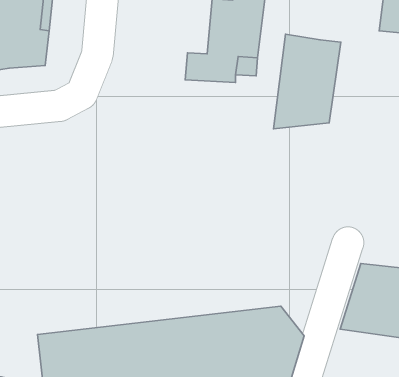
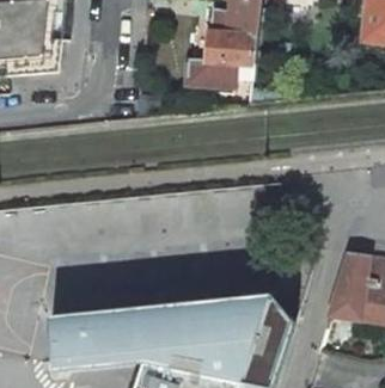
building: [274,34,341,129] -> none

